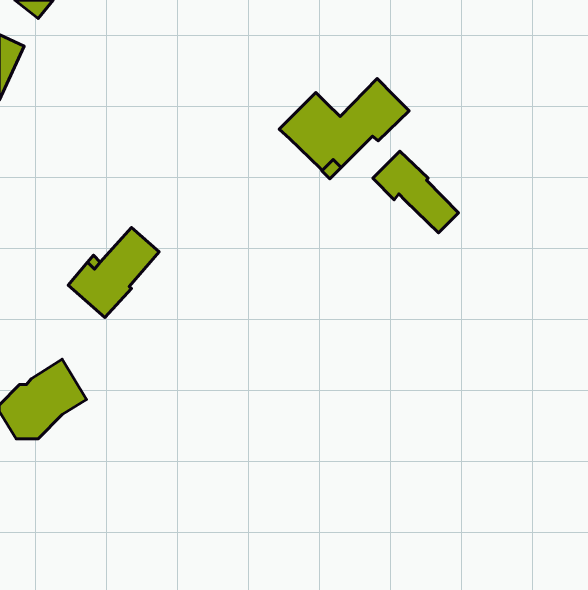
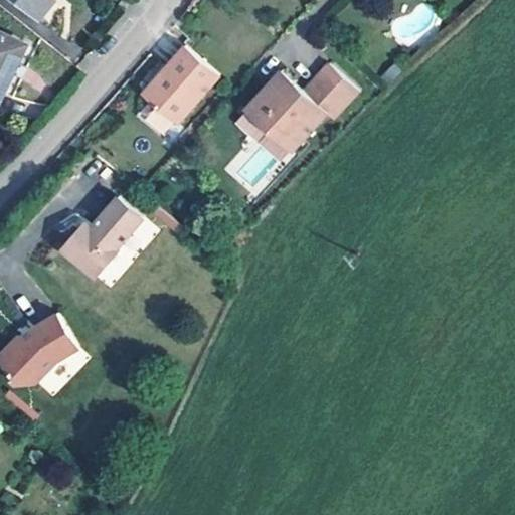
building: none -> [142,46,218,123]
building: [373,151,459,233] -> none

